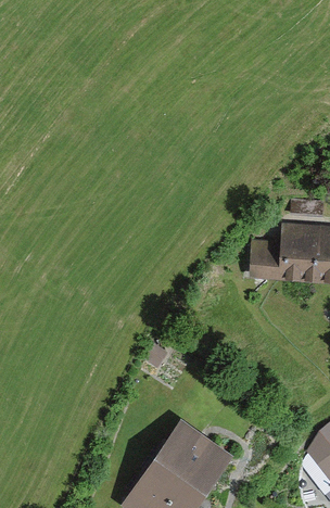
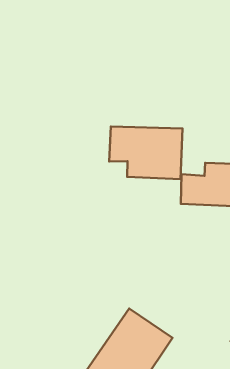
building: none -> [109,126,183,179]

